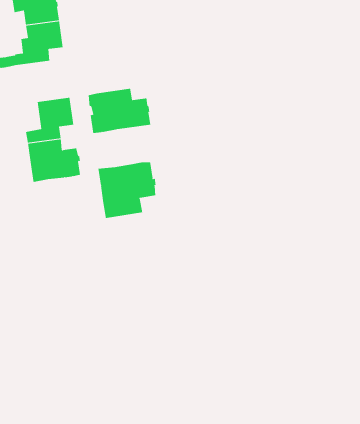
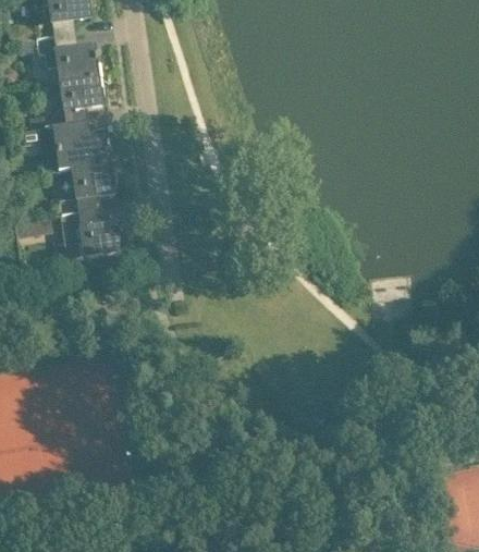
building: [88,88,151,133] -> [40,122,112,173]
building: [98,161,156,219] -> none

